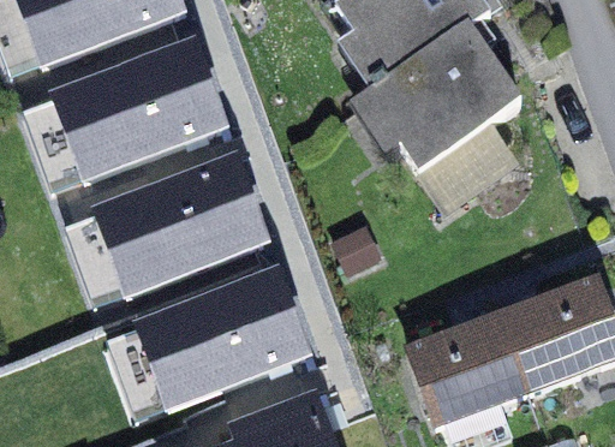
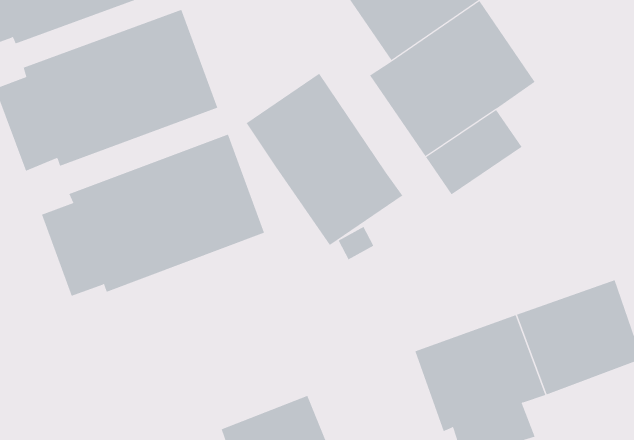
building: none -> [246,73,403,246]
building: [107,263,315,413] -> none

